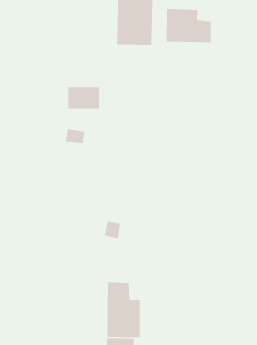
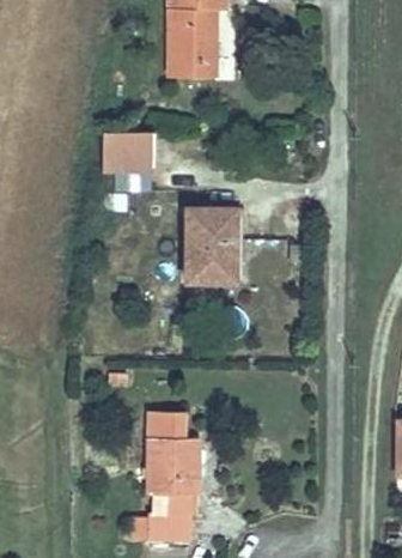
building: [166,8,211,43] -> none
building: none -> [183,207,232,281]

